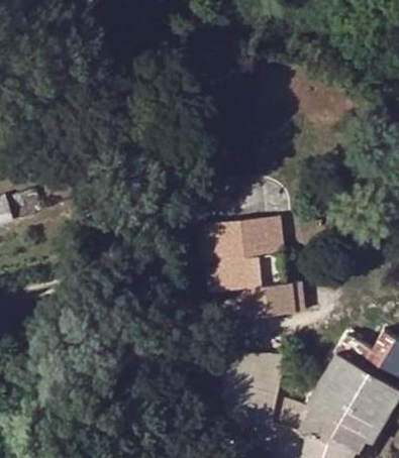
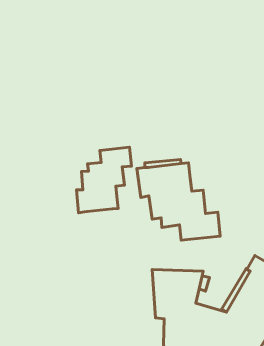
building: none -> [77,147,132,213]

